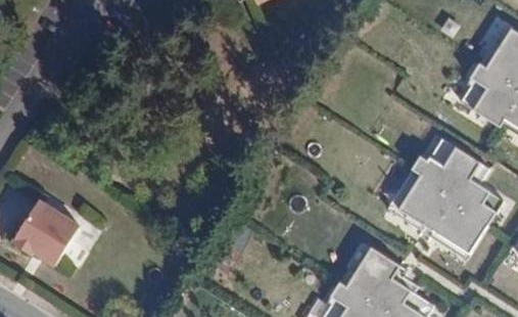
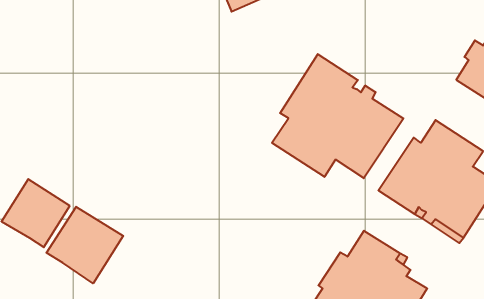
building: none -> [272,54,403,178]
building: none -> [46,207,123,283]

